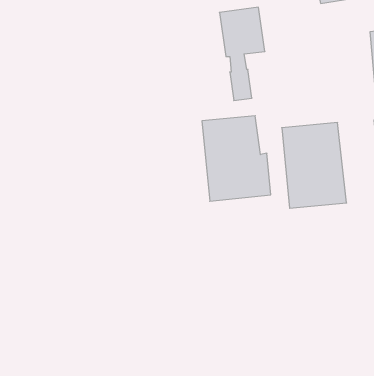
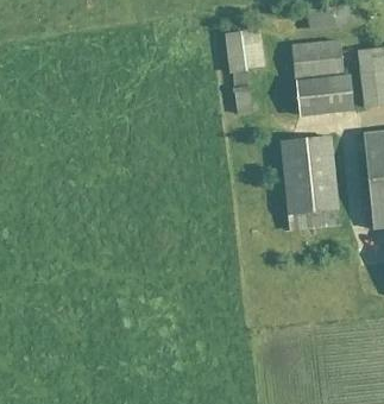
building: [202,116,271,201] -> [290,38,353,116]

